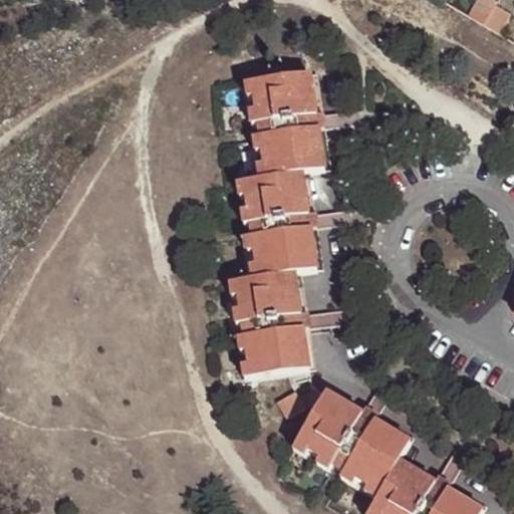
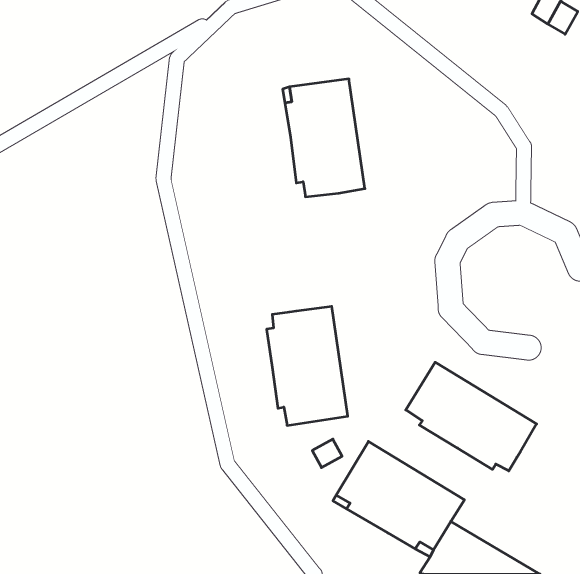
building: [241,170,312,273] -> none
building: none -> [406,362,537,471]

